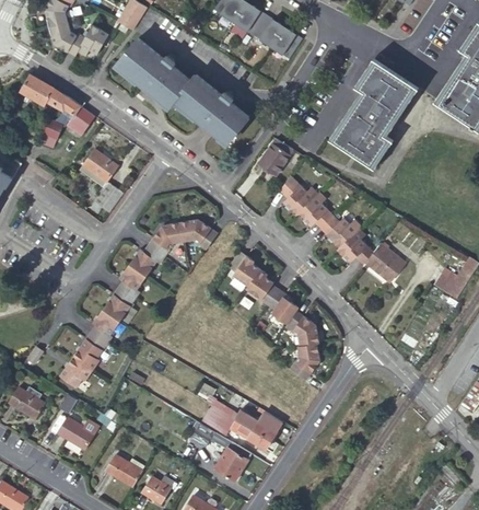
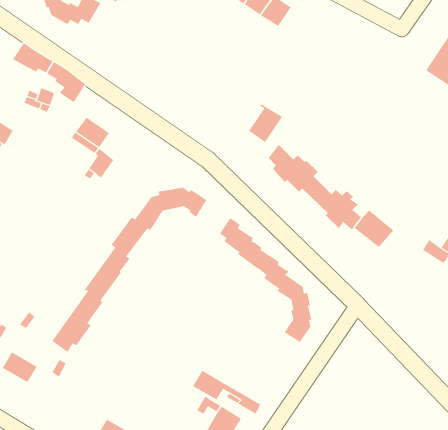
building: [116,37,249,143] -> none
building: [331,60,416,165] -> none
building: [211,399,282,440] -> none
building: [58,417,96,449] -> none

